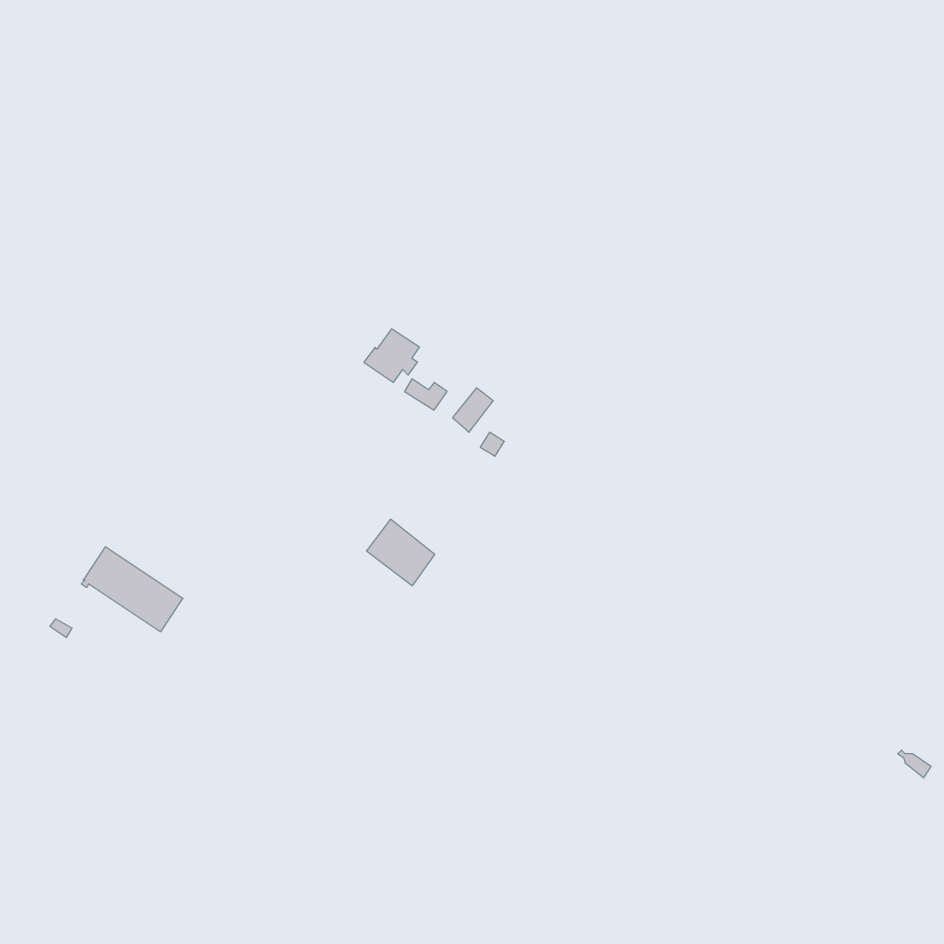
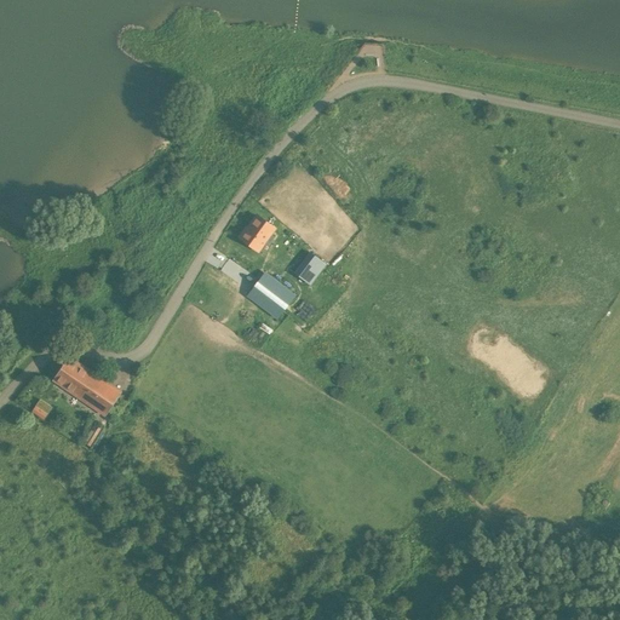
building: [366,519,435,586] -> [248,274,293,317]

